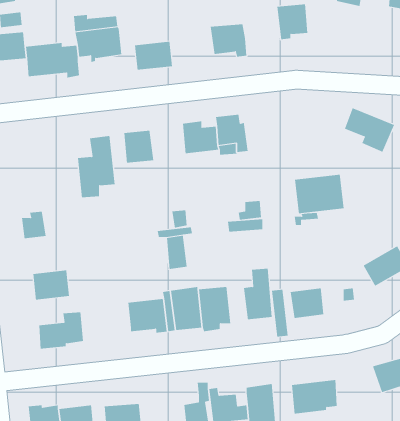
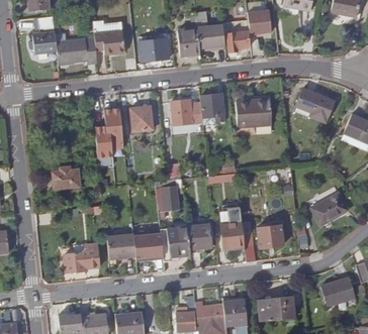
building: none -> [221,19,249,51]
building: none -> [177,26,199,55]
building: [294,174,345,214] -> [236,97,274,127]
building: [33,270,70,300] -> [107,235,135,258]

